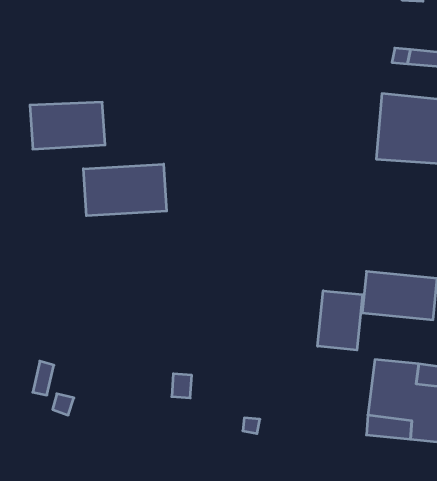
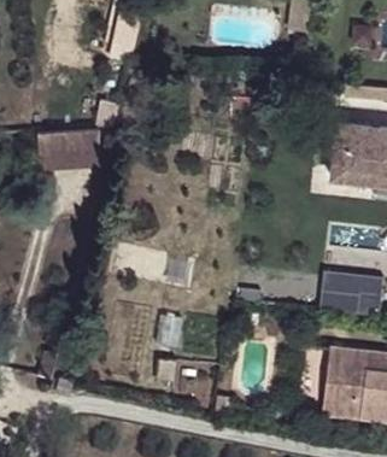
building: [83,164,167,216] -> none
building: [318,291,363,350] -> none

